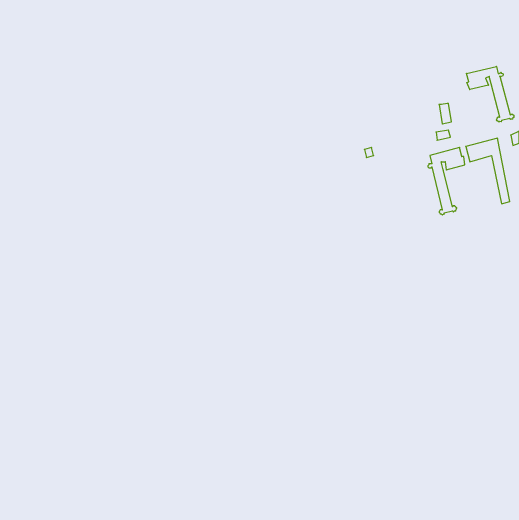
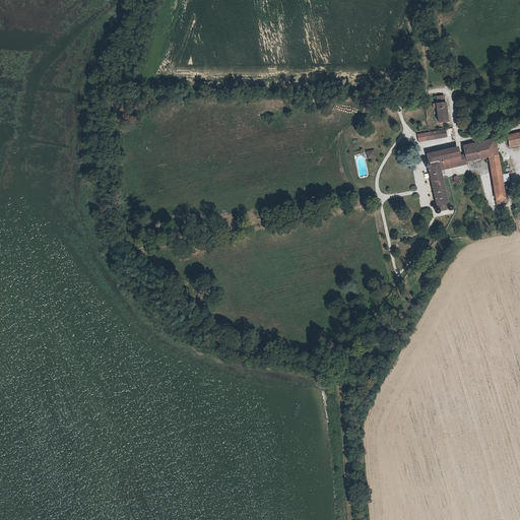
building: [466,66,514,122] -> none

